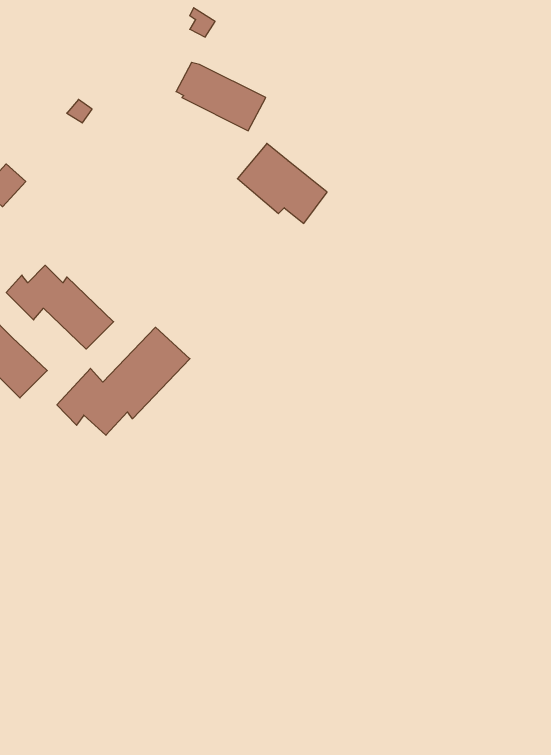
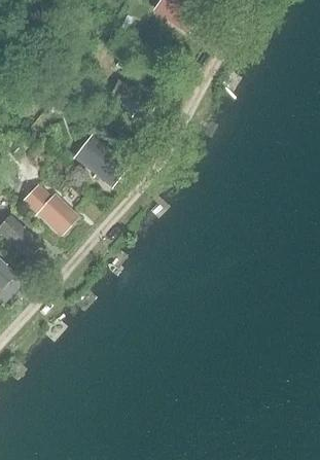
building: [237,143,327,223] -> [75,136,122,178]
building: [57,327,190,435] -> none

